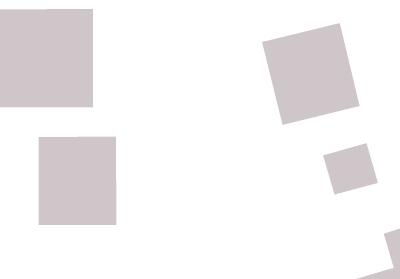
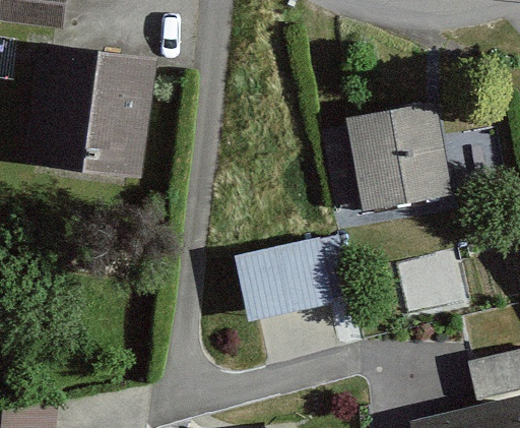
building: [38,136,117,226] -> none
building: none -> [240,245,358,325]

